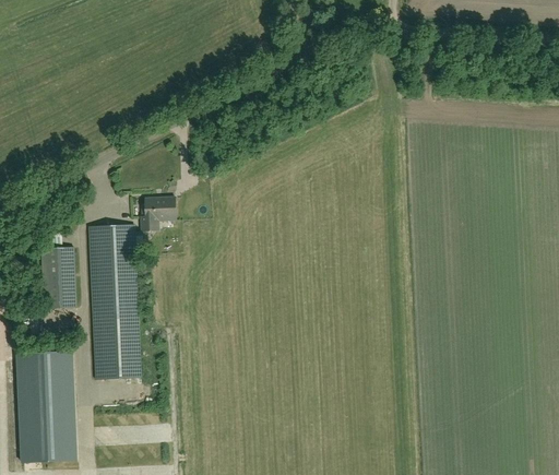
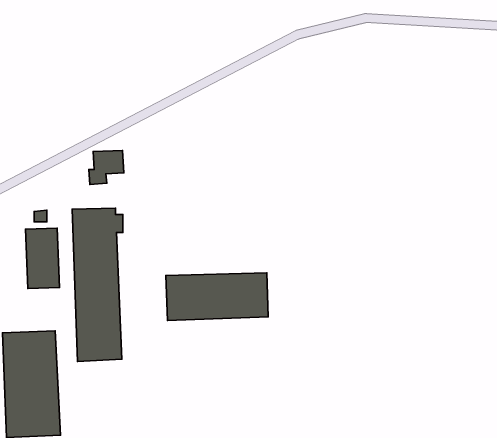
building: [140,195,176,230] -> [89,151,124,184]
building: none -> [166,273,268,320]

